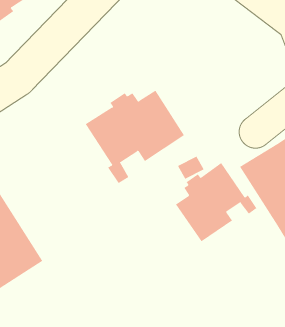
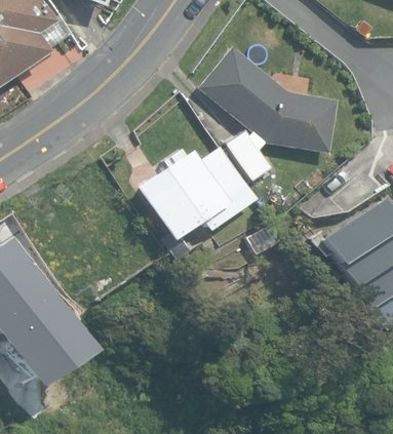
building: none -> [202,47,340,181]
building: [175,162,257,242] -> none

